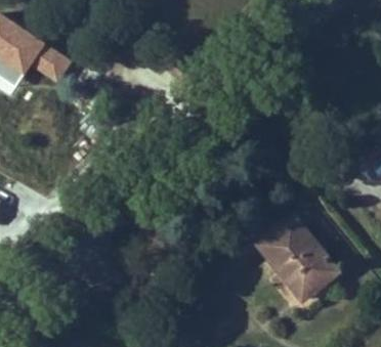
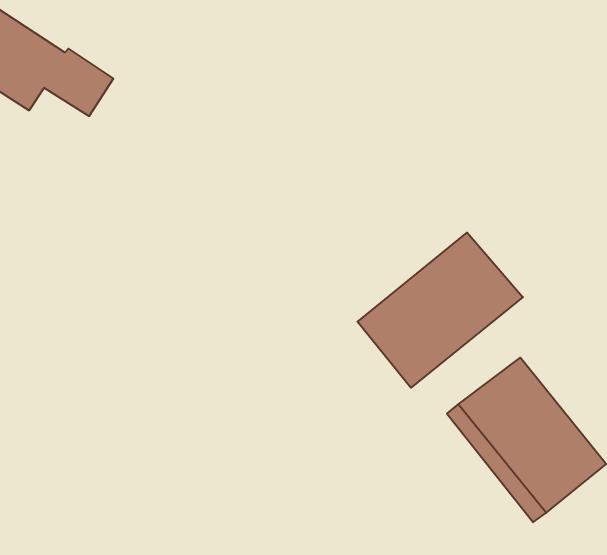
building: none -> [357,233,523,388]

